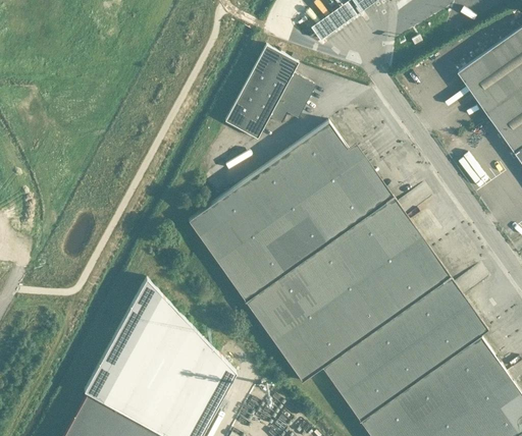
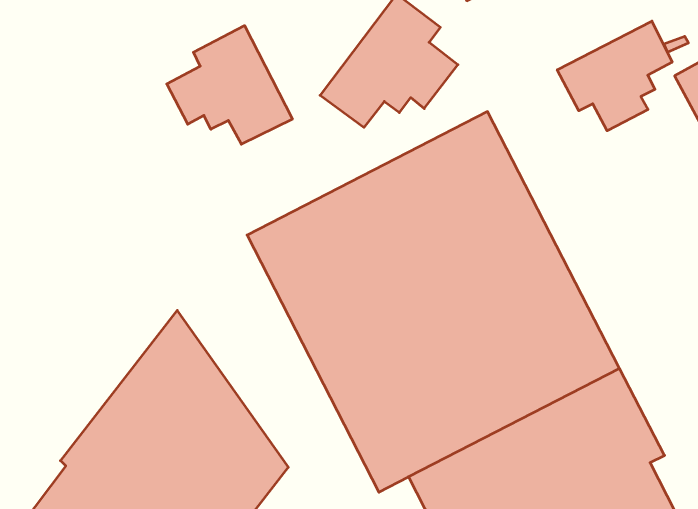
building: none -> [557,21,672,131]
building: none -> [167,26,292,144]

